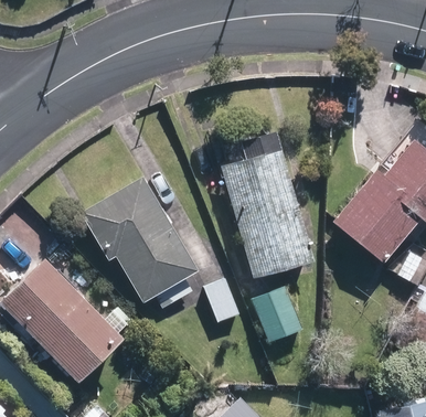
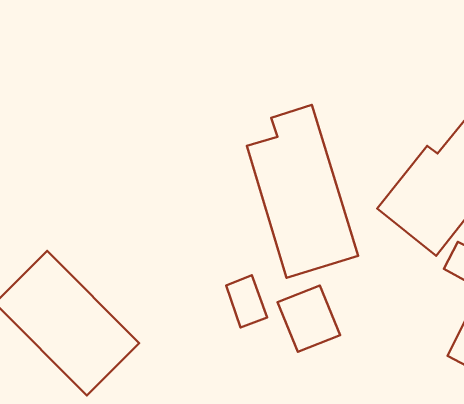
building: [82,177,199,309] -> none

